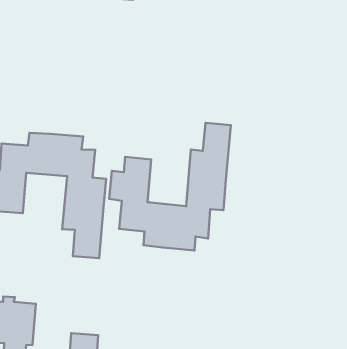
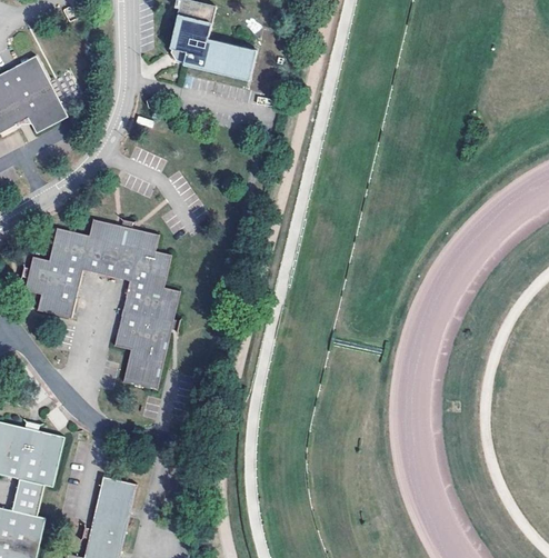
building: [109,123,231,250] -> none

